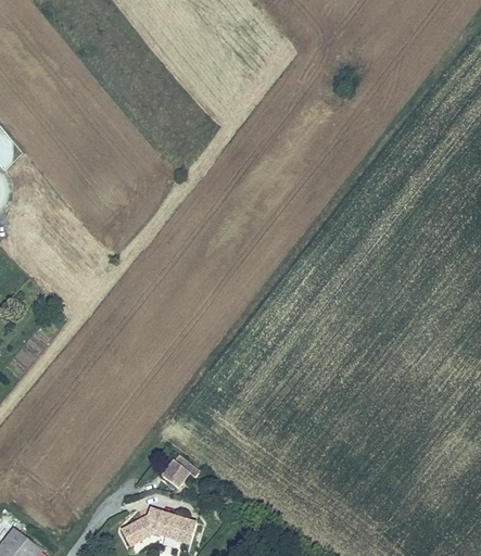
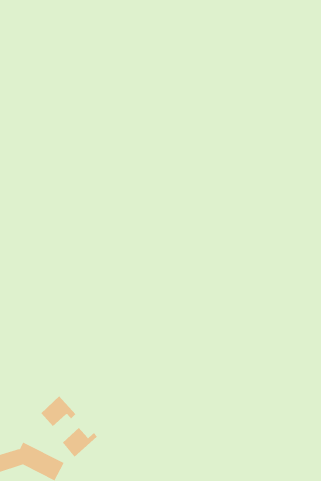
building: none -> [62,427,97,457]

